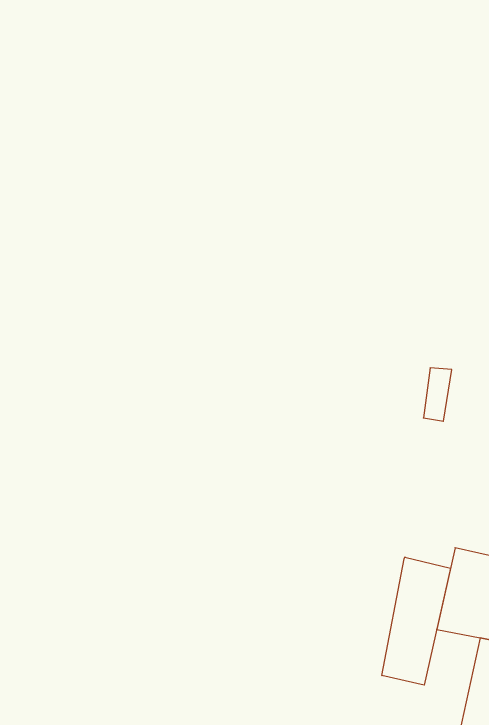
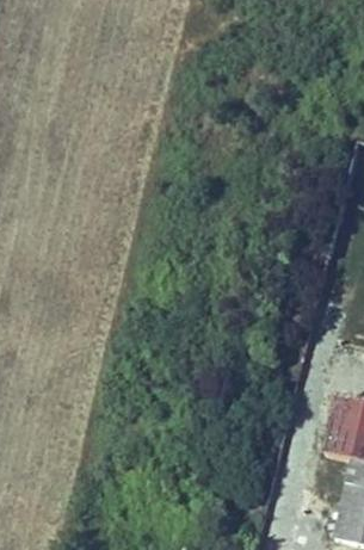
building: [382,557,450,685] -> none

